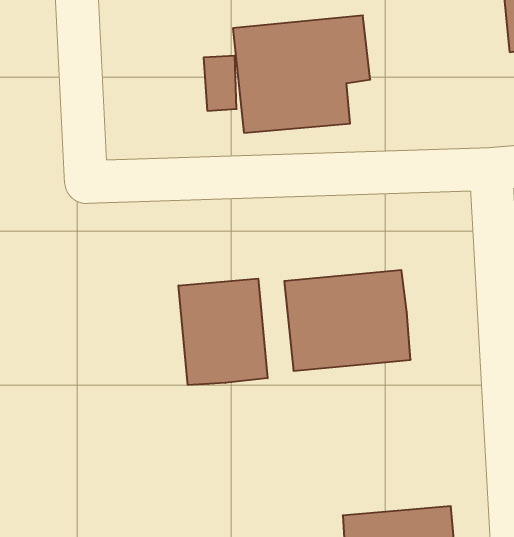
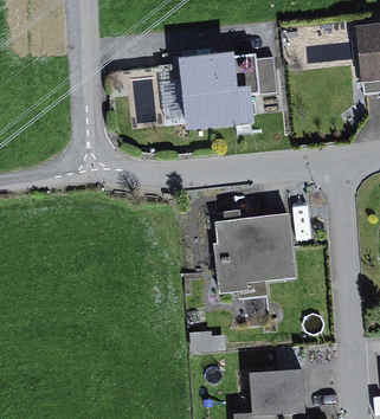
building: [179,279,268,385] -> none

